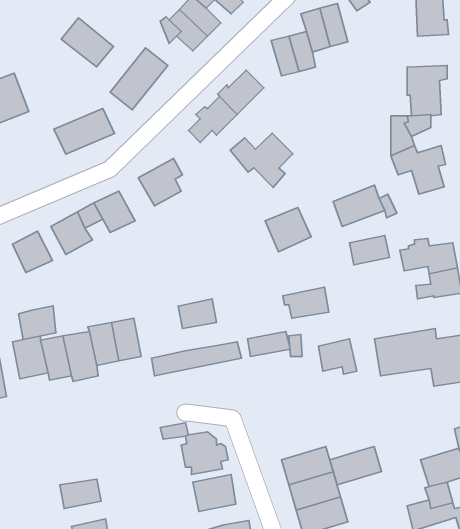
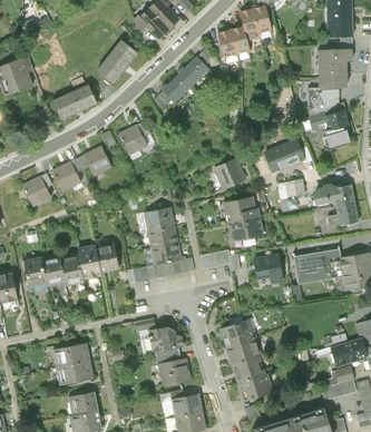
building: [61,18,113,67] -> none
building: [230,133,293,187] -> none
building: none -> [222,197,257,224]
building: none -> [144,209,173,232]
building: [18,306,56,339] -> none
building: none -> [150,244,179,265]
building: [330,446,381,485] -> [219,318,258,347]
building: none -> [55,345,86,366]

